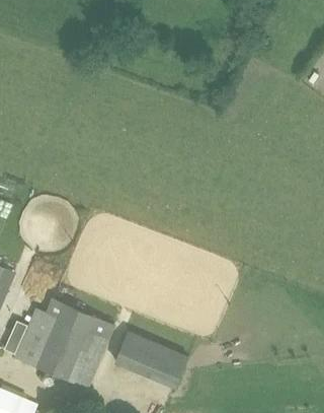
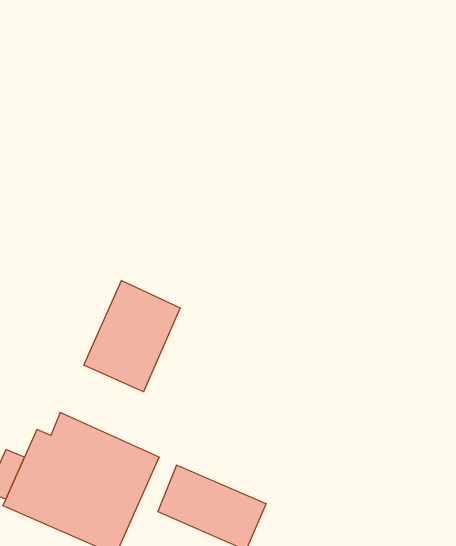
building: none -> [84,280,180,392]

